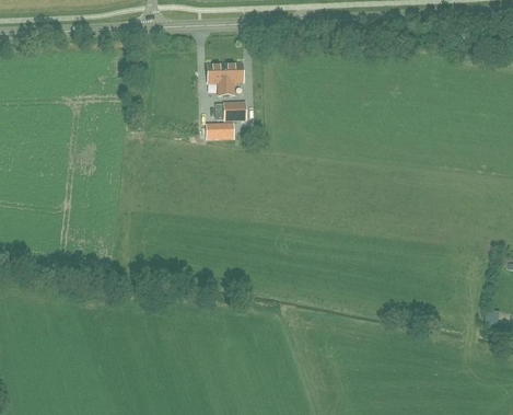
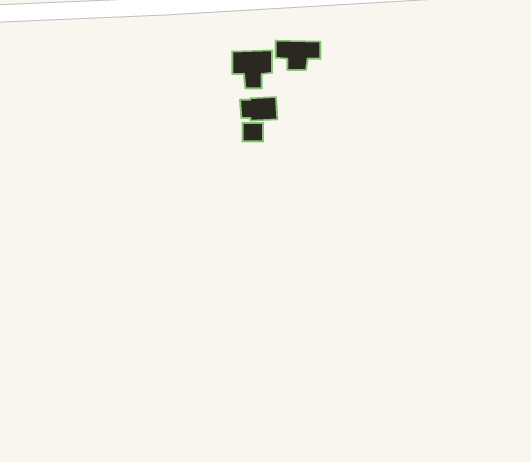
building: none -> [276,40,320,70]

